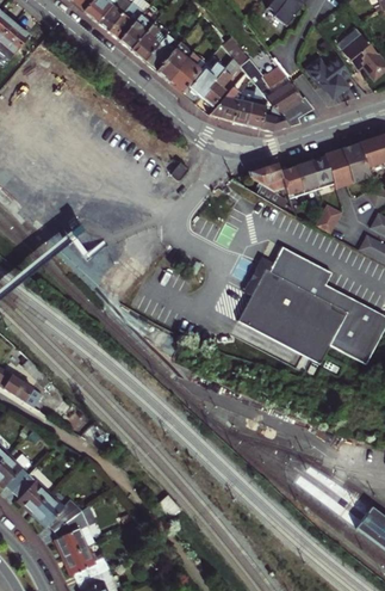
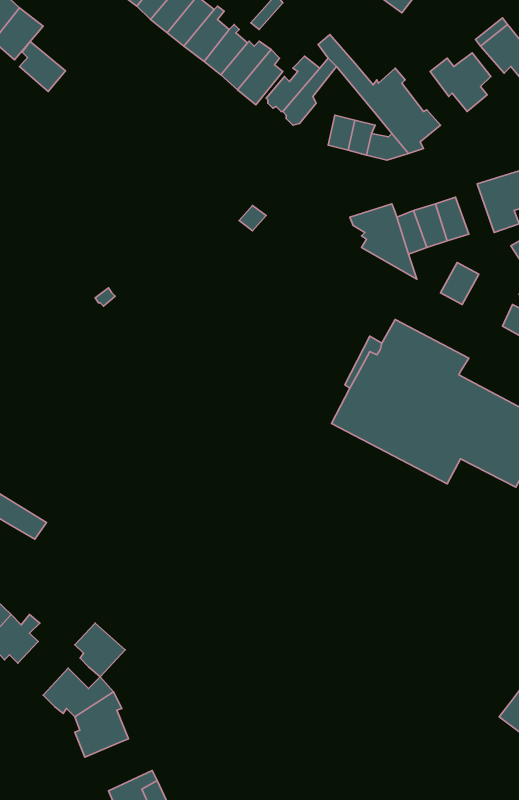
building: none -> [20,41,66,91]
building: [211,82,242,121] -> none
building: [324,148,353,189] -> none
building: [14,474,50,512] -> [75,623,125,677]
building: [62,546,110,580] -> none

